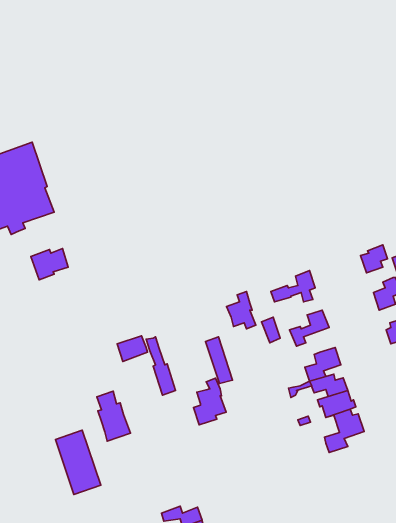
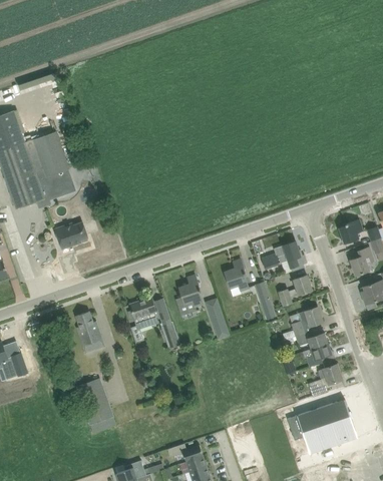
building: [193,378,226,425] -> [175,276,204,316]
building: [97,391,131,441] -> [75,312,104,355]
building: none -> [288,400,357,454]

